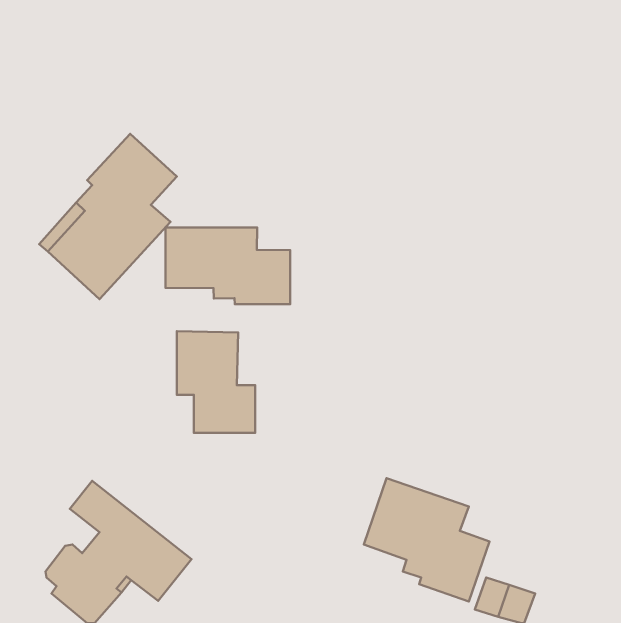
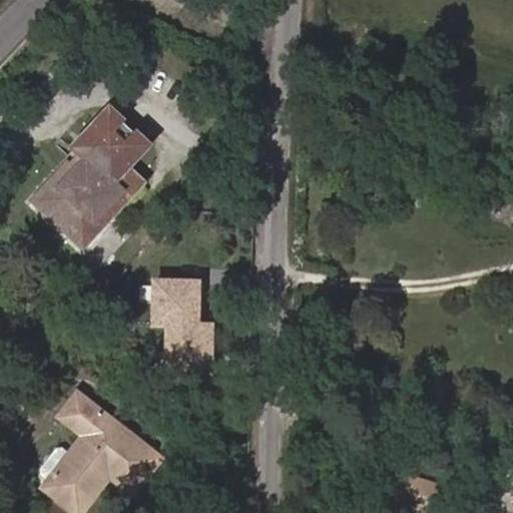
building: [165,228,290,304] -> none
building: [364,478,490,601] -> none

